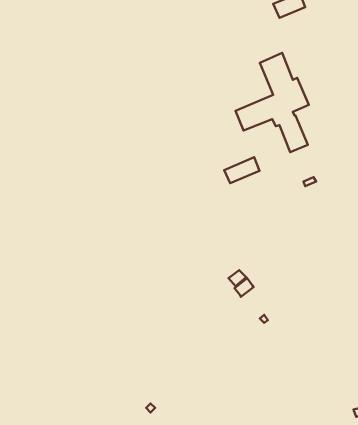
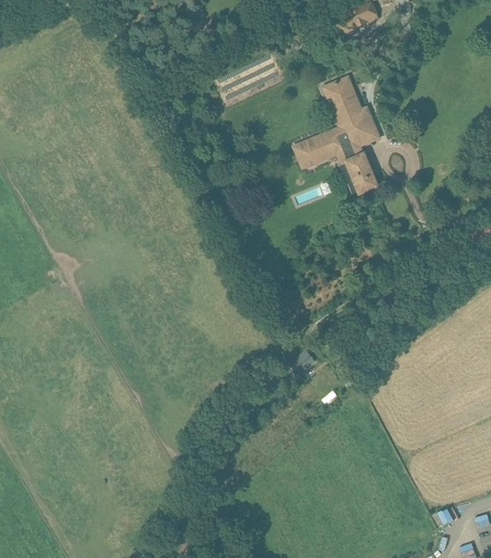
building: [224,157,260,183] -> none

